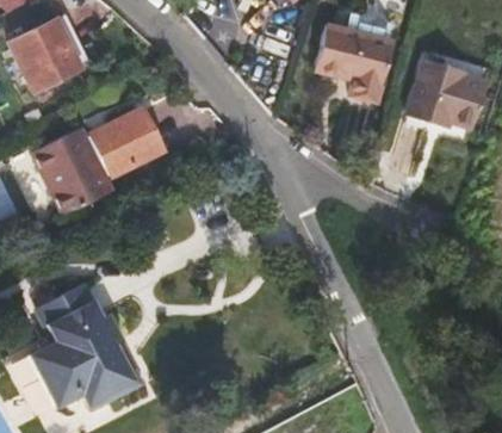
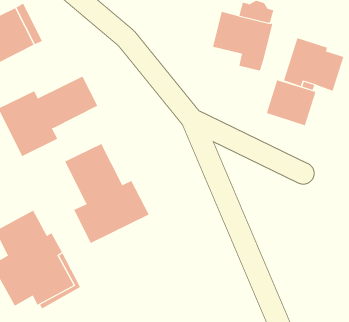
building: none -> [266,80,316,126]
building: none -> [65,143,149,244]

